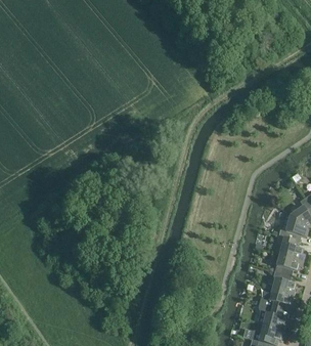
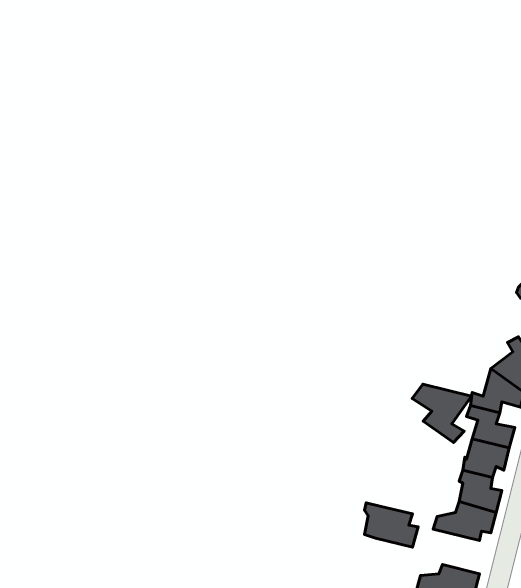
building: none -> [412,384,472,442]
building: [258,302,287,327] -> [364,503,418,547]

